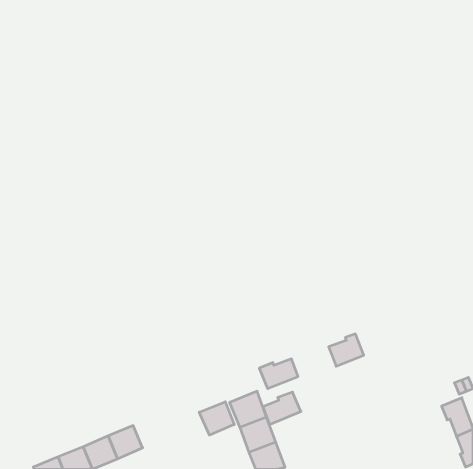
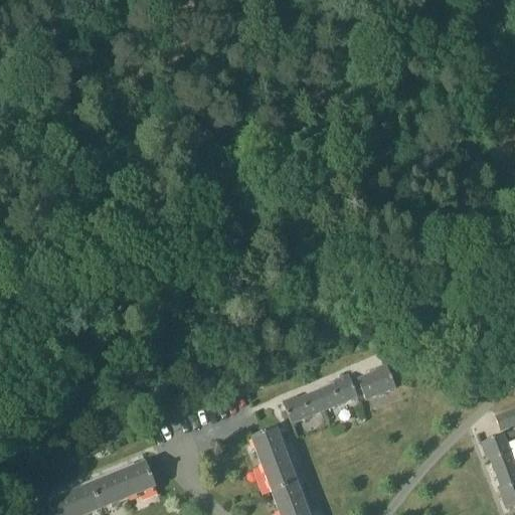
building: [263,392,301,424] -> [317,374,358,409]
building: [199,402,234,435] -> none

